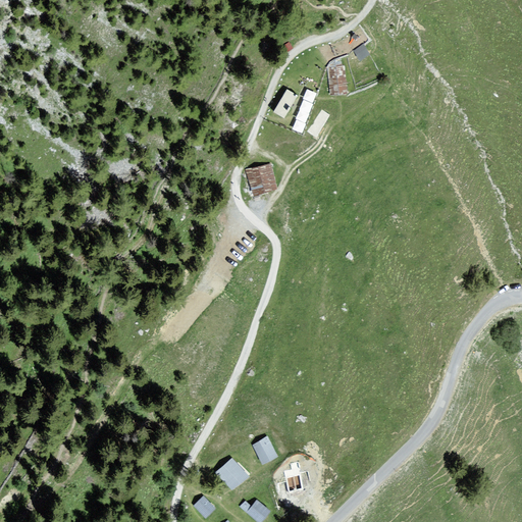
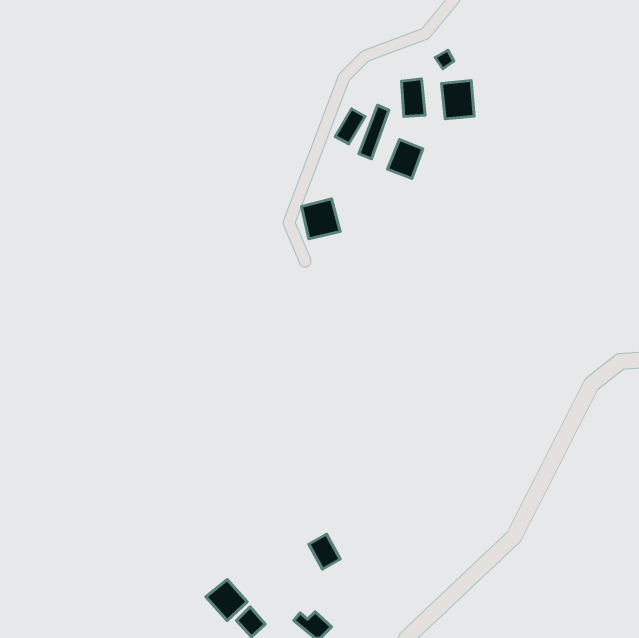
building: none -> [441,81,474,119]
building: none -> [387,140,423,178]
building: [215,457,249,490] -> [206,579,247,621]

